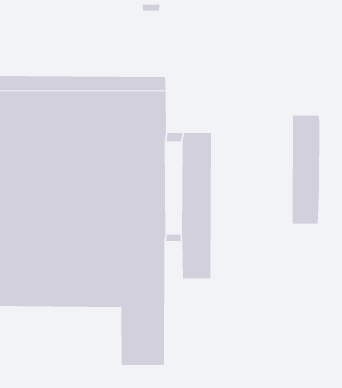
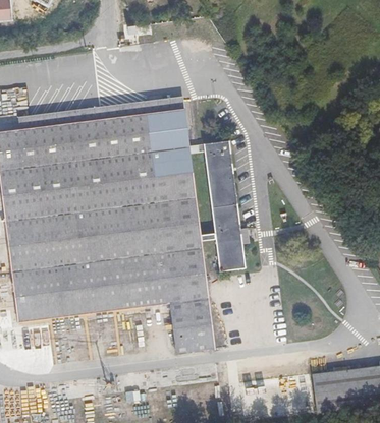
building: [292,115,320,224] -> none

